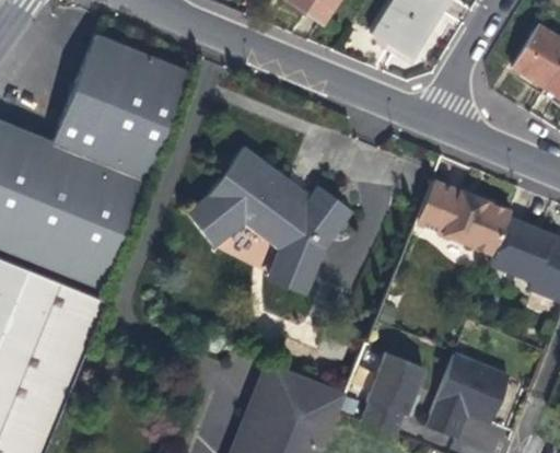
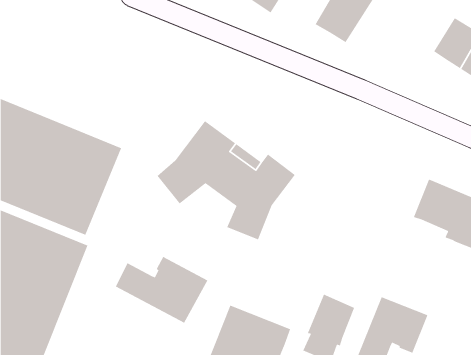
building: [51,34,186,181] -> none
building: [415,179,505,263] -> none
building: none -> [115,256,209,324]

